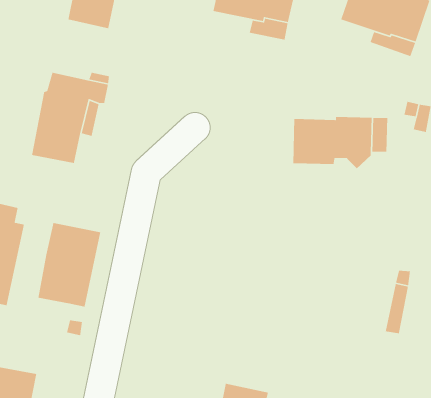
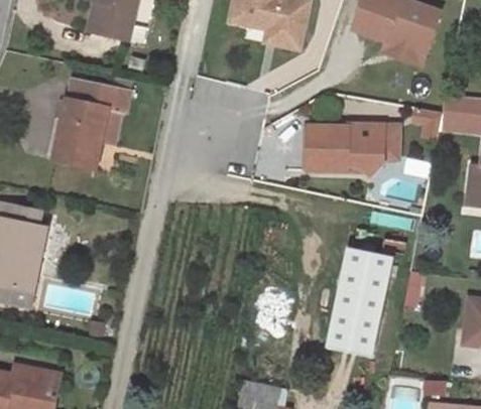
building: [38,222,101,307] -> none
building: none -> [327,248,391,356]

